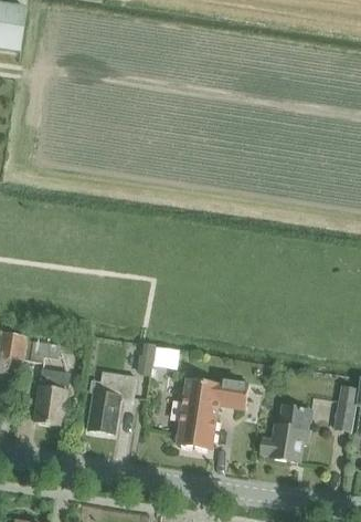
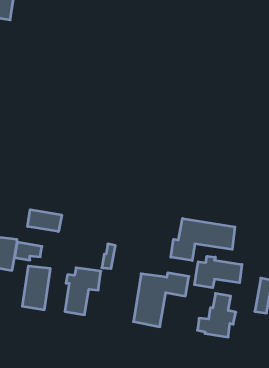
building: none -> [28,210,62,232]
building: none -> [171,218,235,261]
building: none -> [194,256,242,288]

